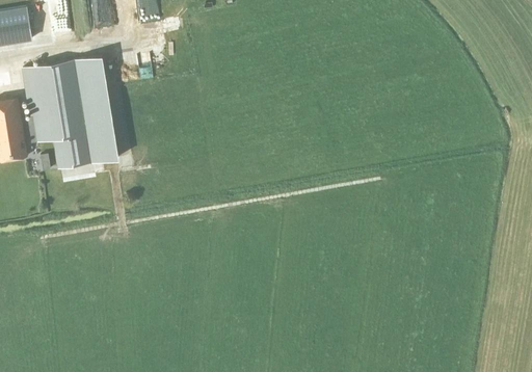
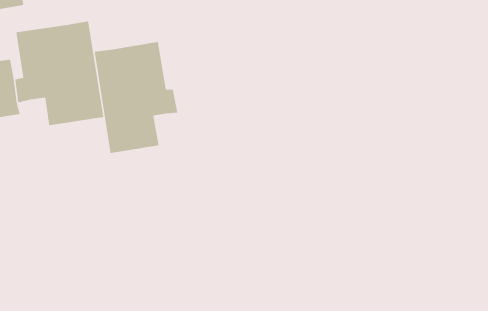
building: none -> [94,41,178,154]

